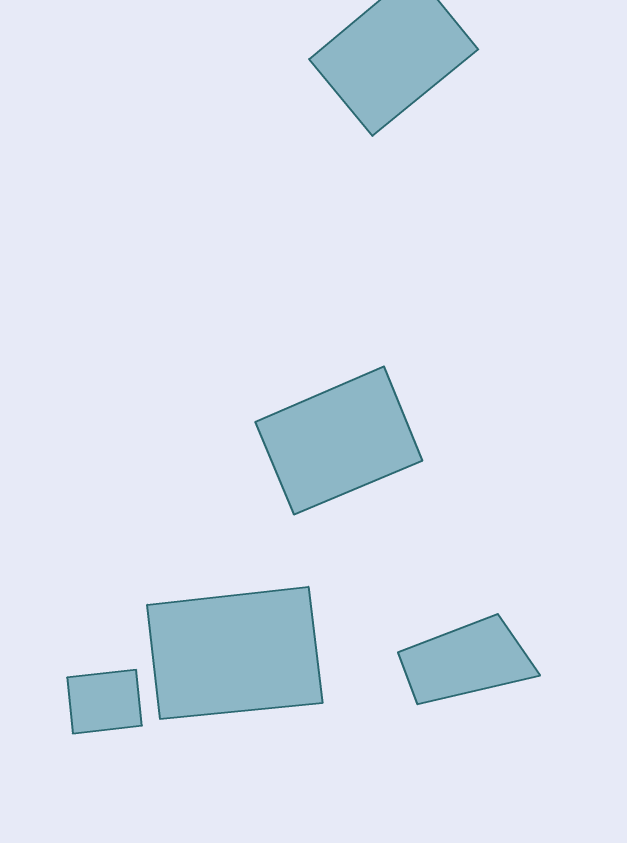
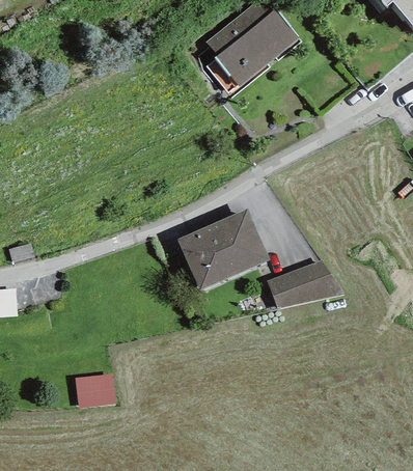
building: [147,587,322,719] -> none
building: [398,614,540,704] -> [268,260,345,309]

